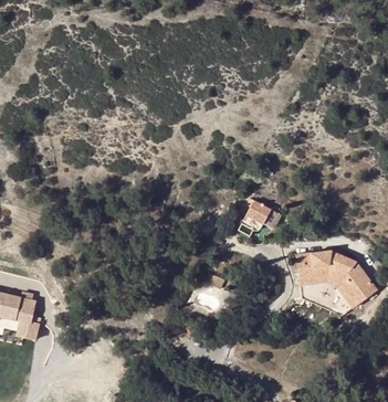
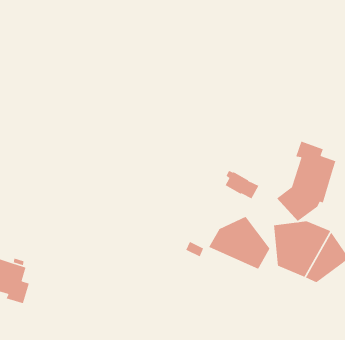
building: none -> [276,141,336,222]
building: none -> [209,216,270,270]

